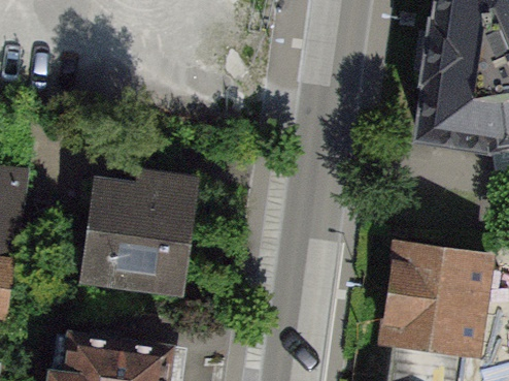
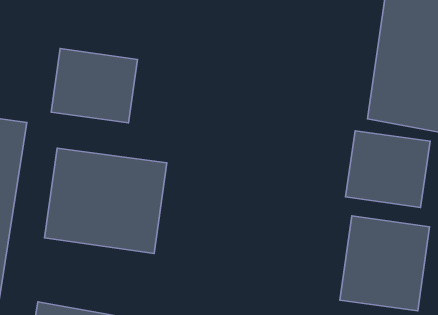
building: none -> [51,48,138,123]
building: none -> [346,131,430,208]

